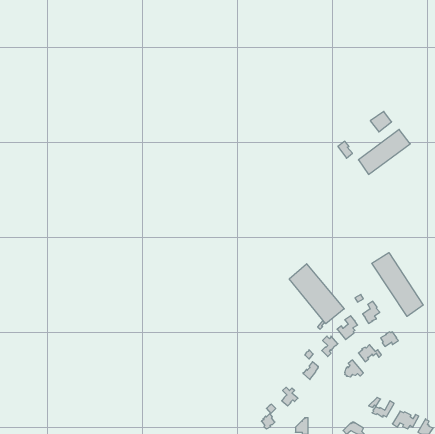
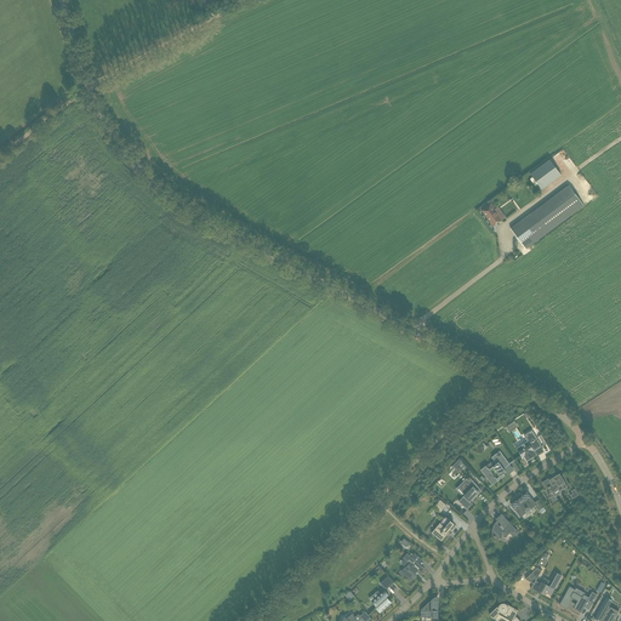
building: [372,253,423,316] -> none
building: [289,264,344,324] -> none

